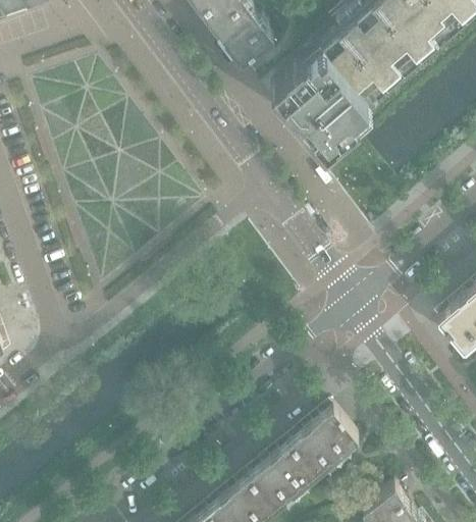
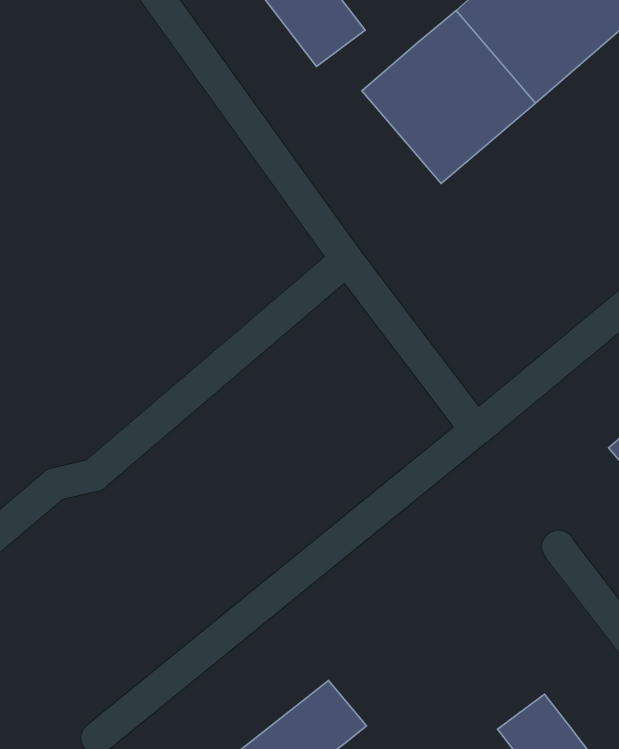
building: [256,403,365,503] -> none

